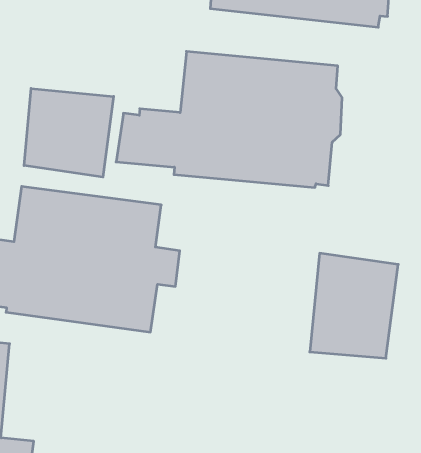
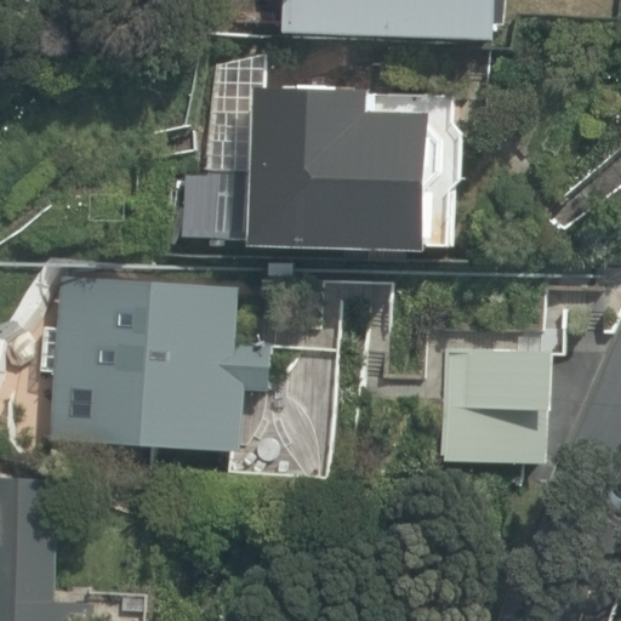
building: [24,88,114,177] -> none

